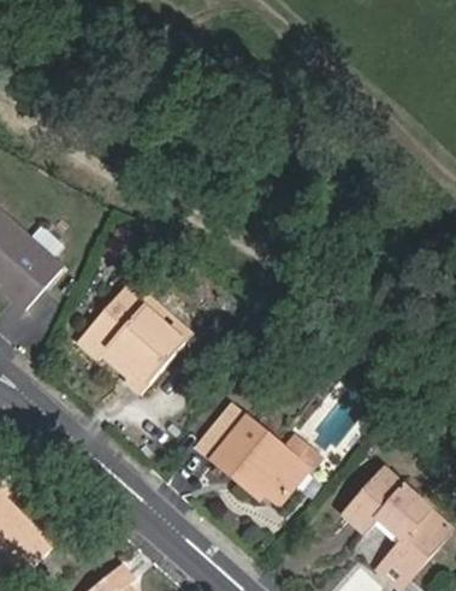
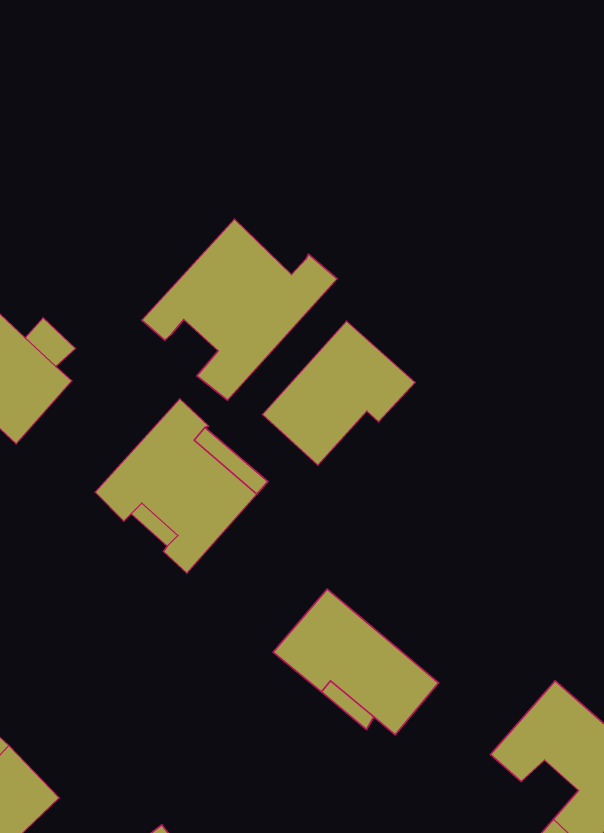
building: none -> [142,219,337,400]
building: none -> [262,321,415,465]

